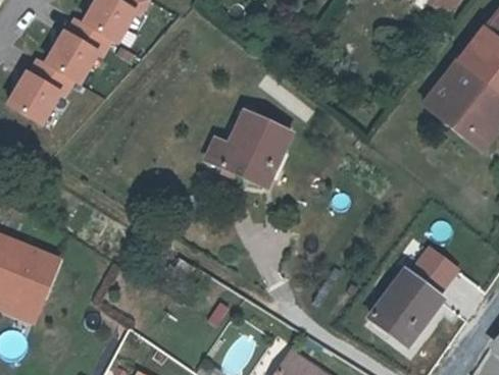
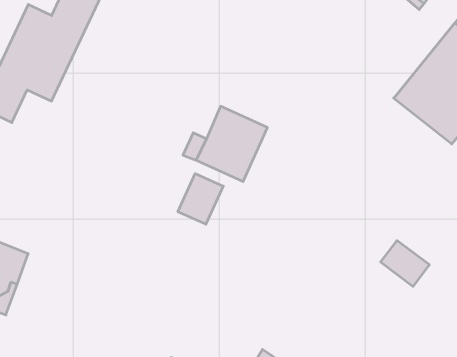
building: none -> [178,174,223,224]
building: [369,275,440,349] -> none

